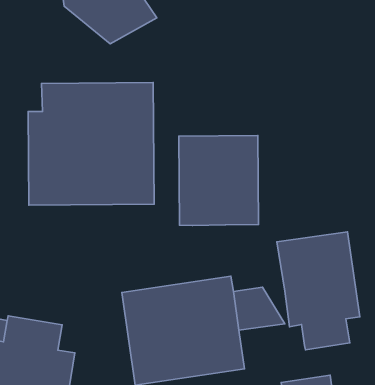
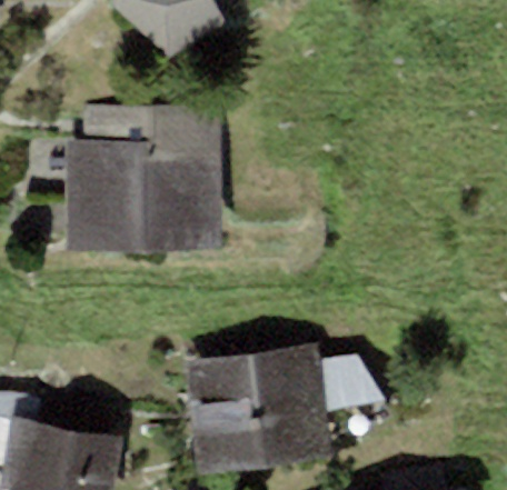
building: [179,135,258,225] -> none
building: [277,232,360,350] -> none

